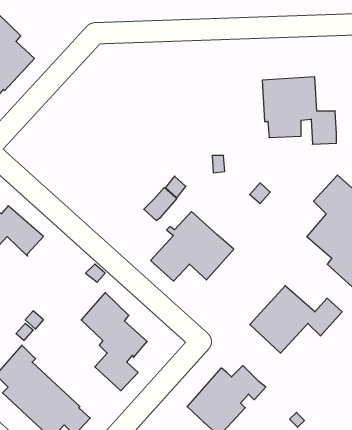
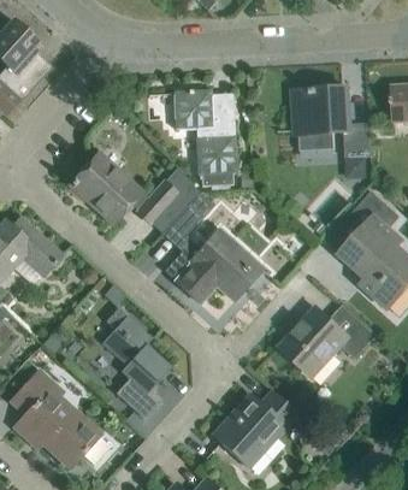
building: none -> [173,89,237,185]
building: none -> [70,153,177,224]

